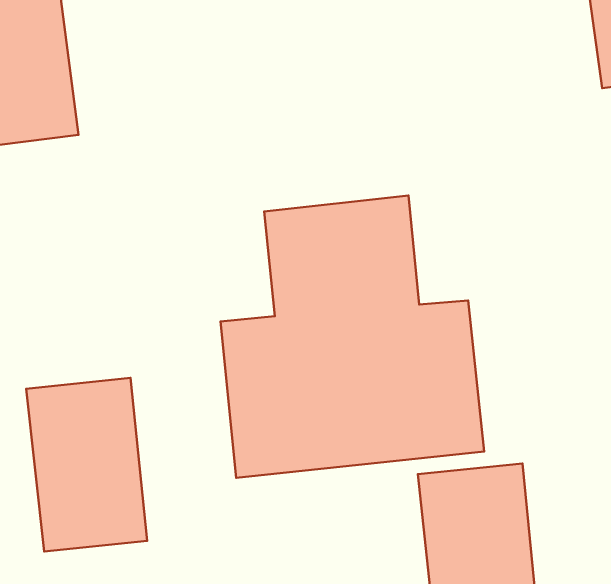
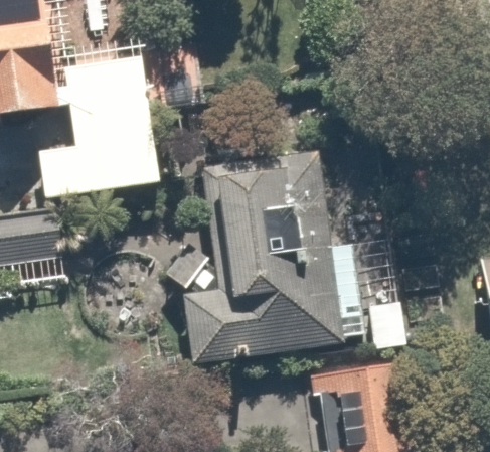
building: none -> [44,56,154,193]
building: [26,378,147,552] -> none

